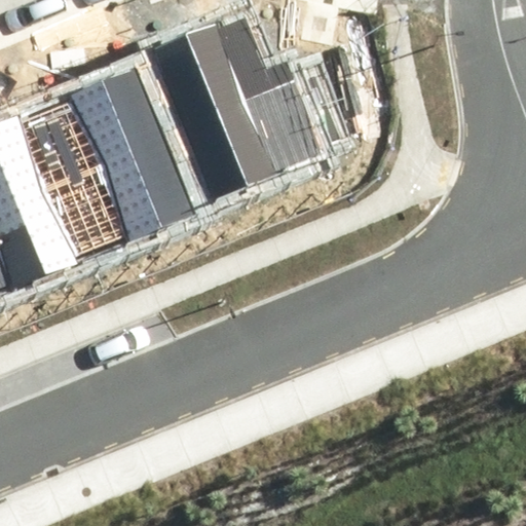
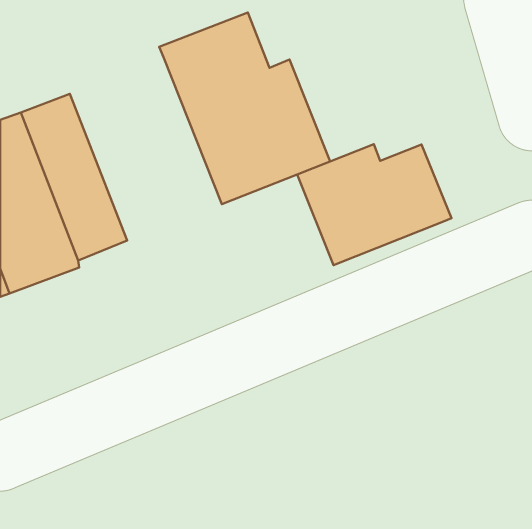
building: [69,57,219,237] -> none
building: none -> [297,144,451,265]

